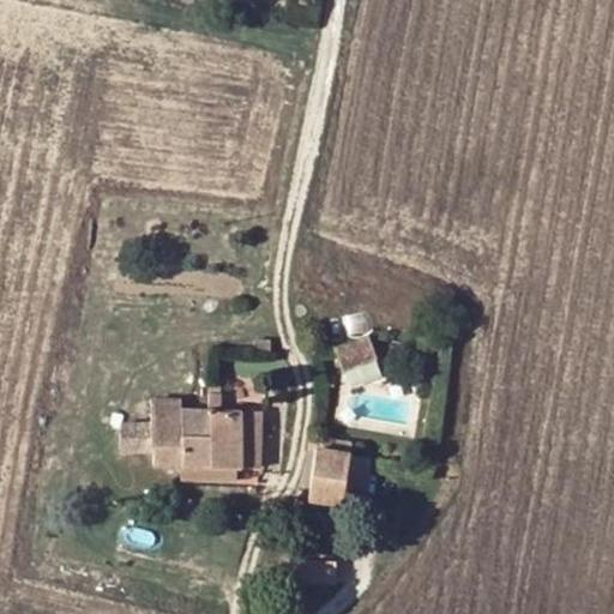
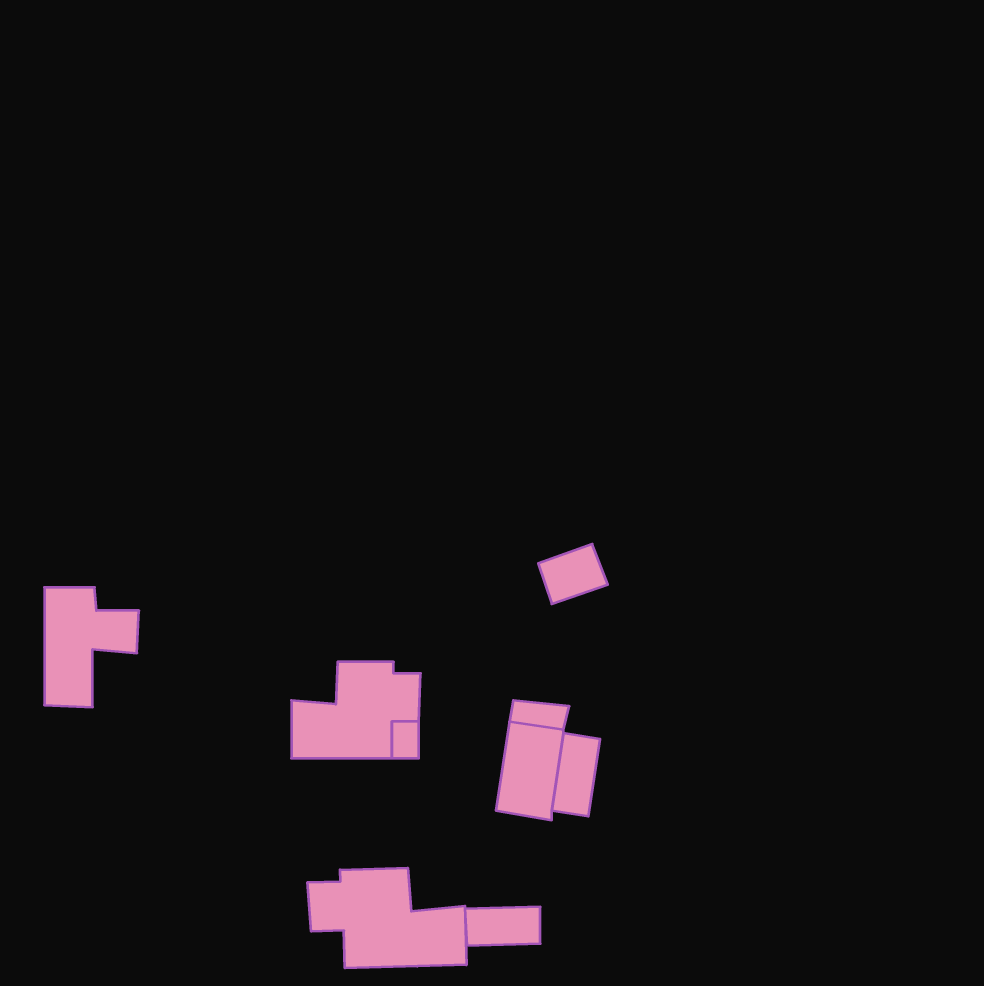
building: [152,397,211,471] -> [44,587,139,707]
building: none -> [308,868,466,968]

